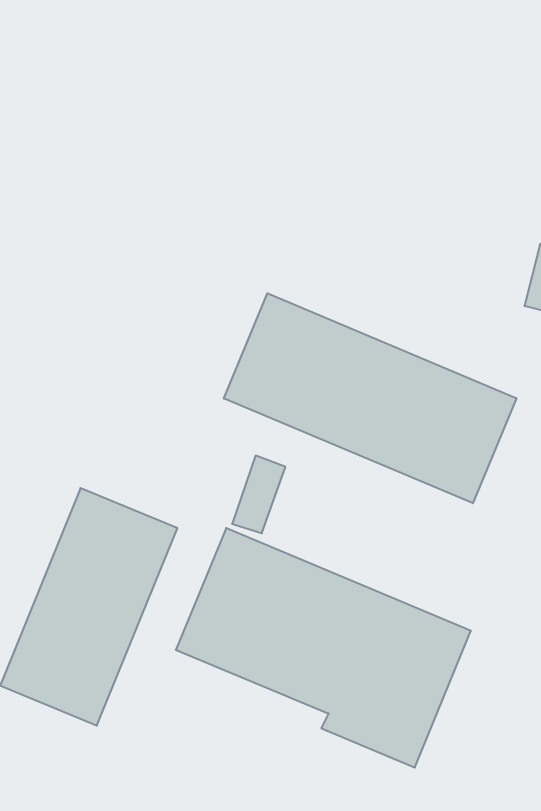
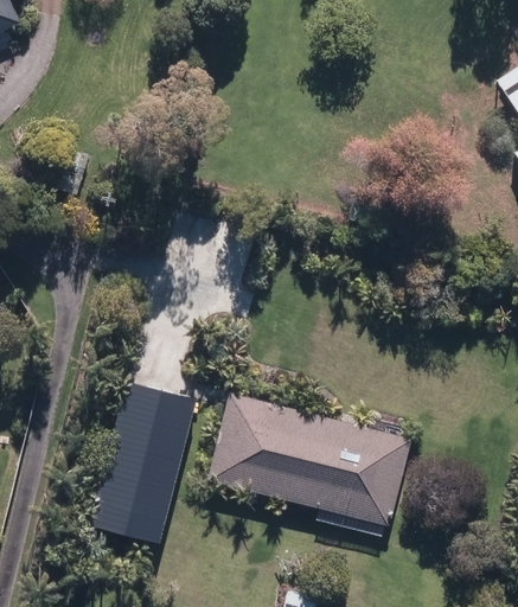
building: [224,293,516,503] -> none

